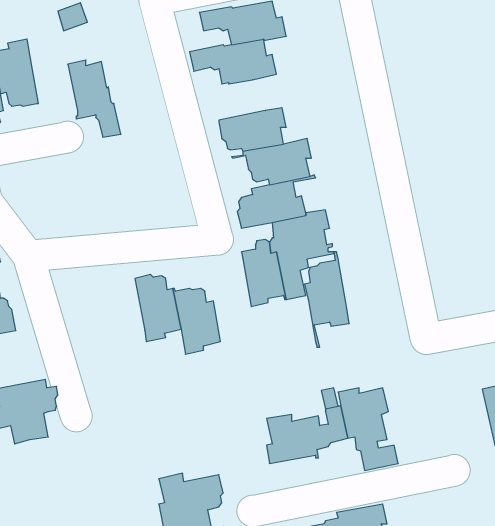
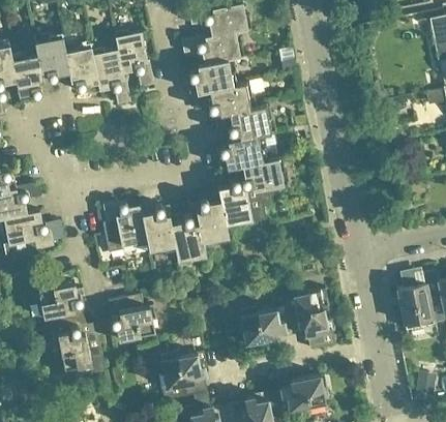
building: none -> [112,30,152,88]
building: none -> [63,41,97,91]
building: none -> [186,62,236,96]
building: [304,252,349,347] -> [195,189,228,260]
building: none -> [101,203,147,254]
building: none -> [107,296,155,341]
building: none -> [56,324,105,374]

